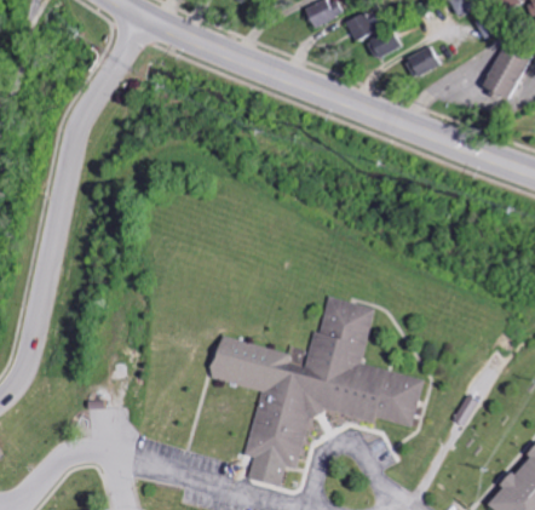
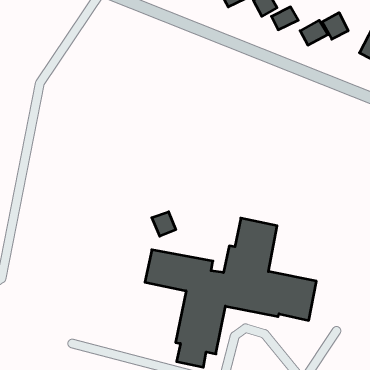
building: none -> [322,13,348,39]
building: none -> [152,212,176,236]

